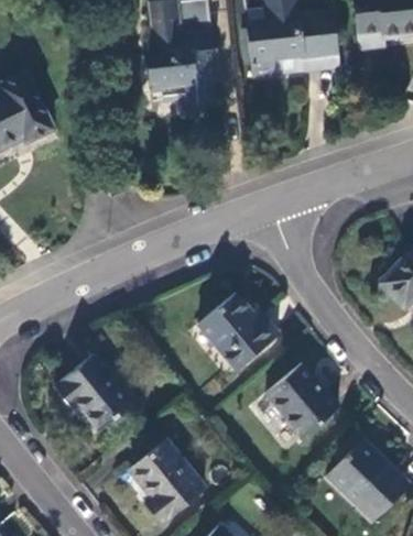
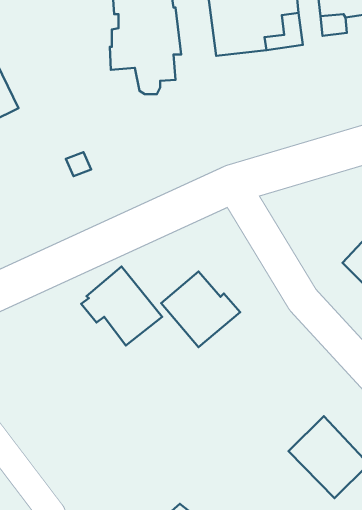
building: [54,351,135,430] -> [81,267,162,345]
building: [267,364,337,436] -> none
building: [131,440,205,521] -> none

